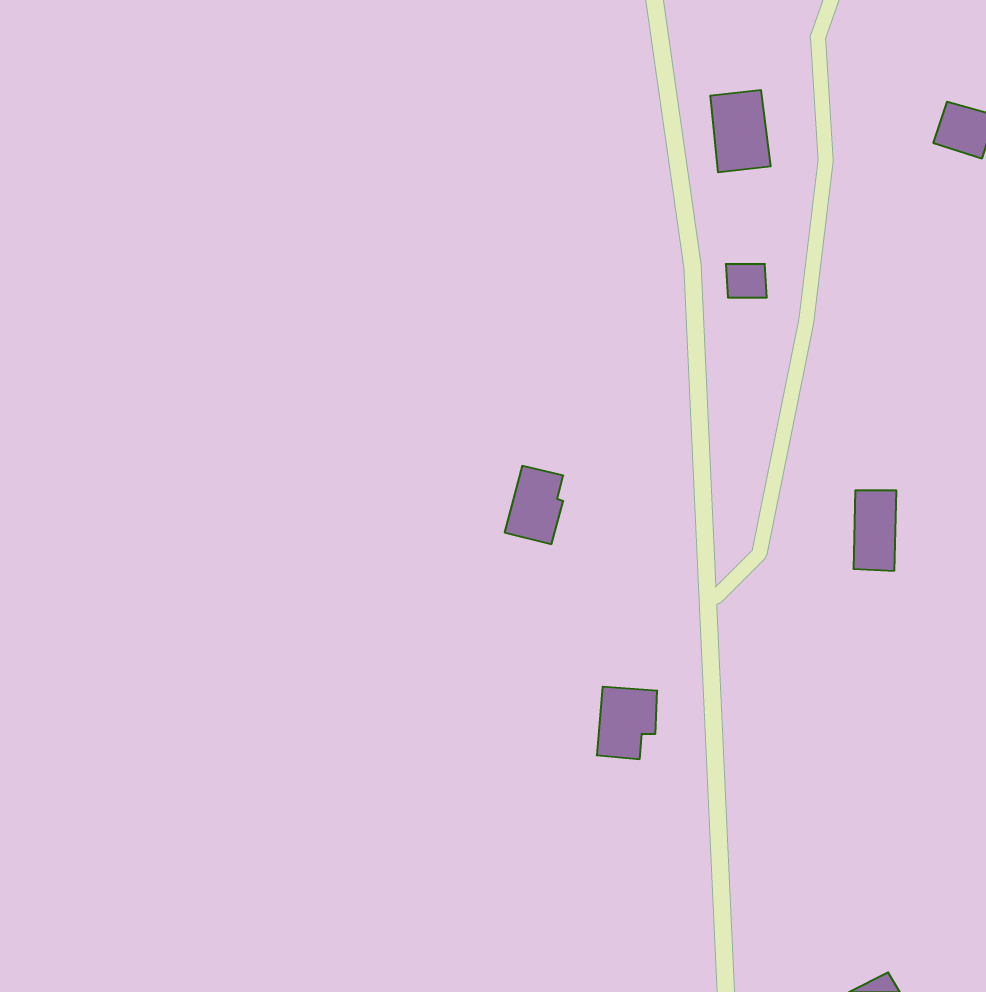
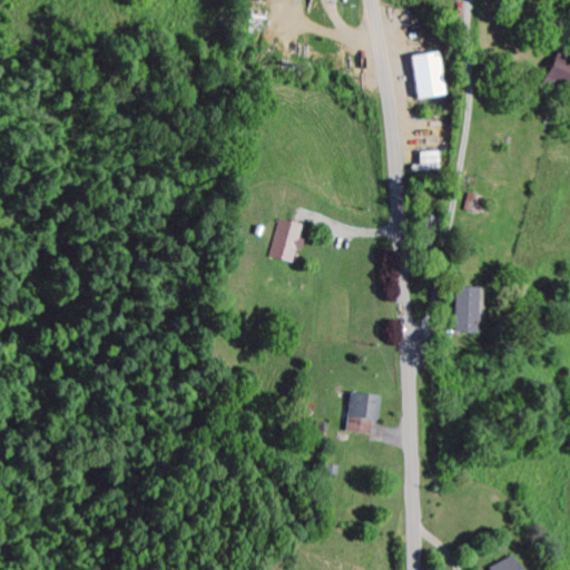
building: [505,466,563,544] -> [272,218,305,263]
building: [853,490,896,571] -> [454,287,479,333]

